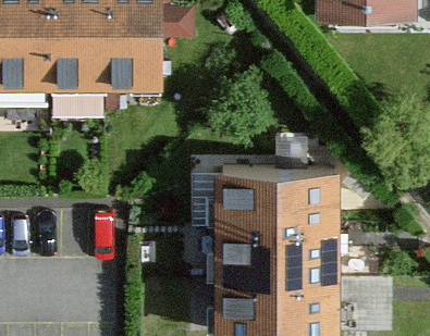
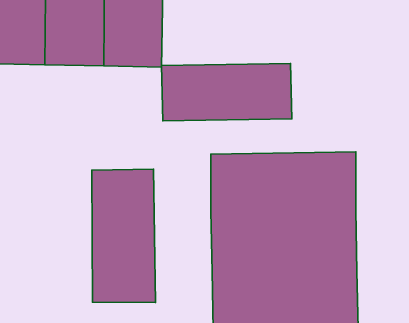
building: none -> [161,64,292,121]
building: none -> [92,169,155,302]

